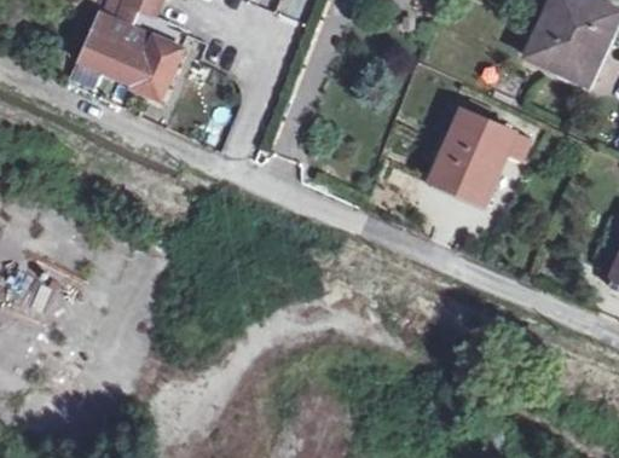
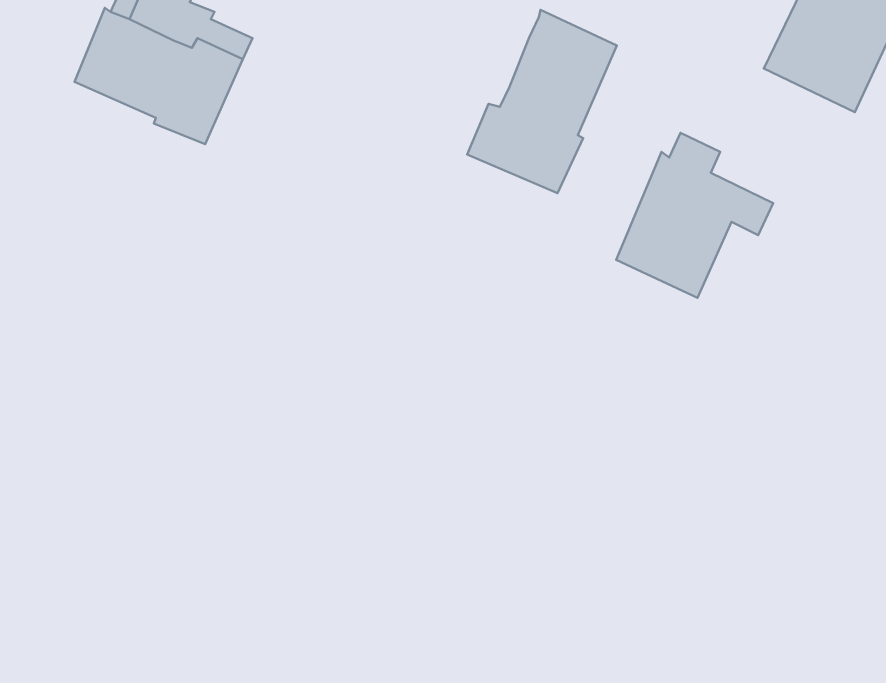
building: none -> [467,10,617,193]

